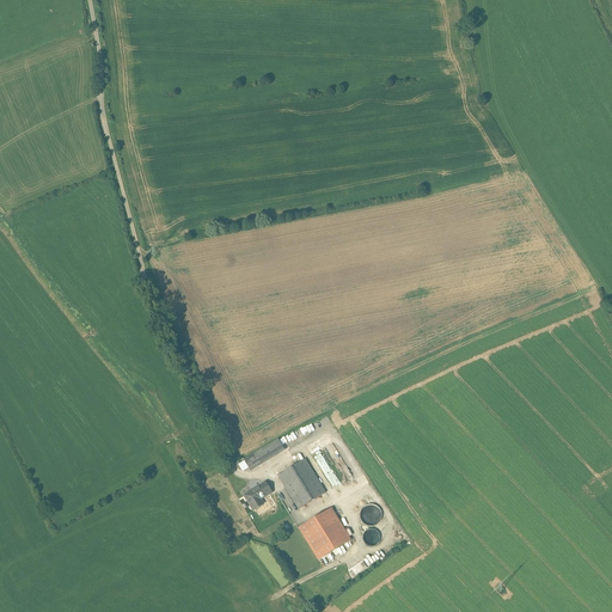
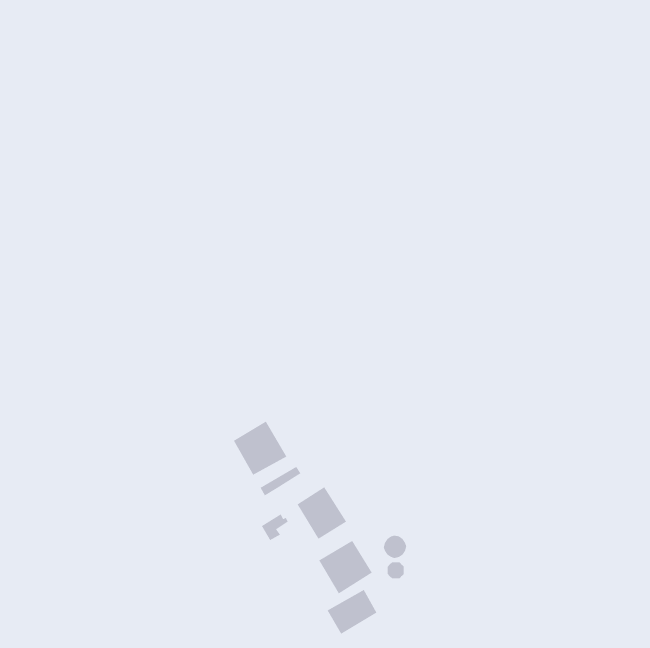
building: none -> [233,421,287,476]
building: none -> [326,589,378,635]

